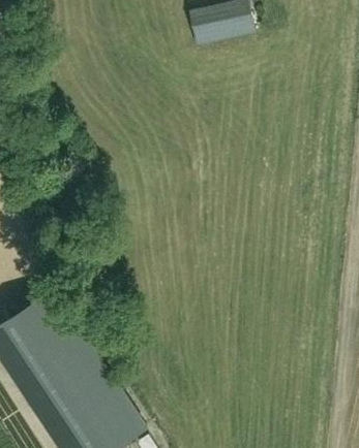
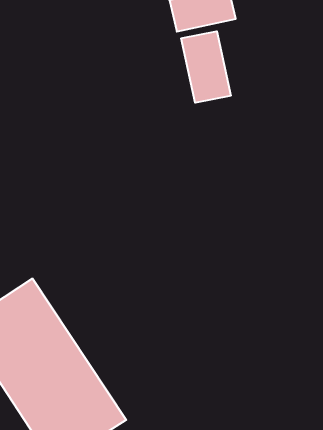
building: none -> [181,31,231,103]

